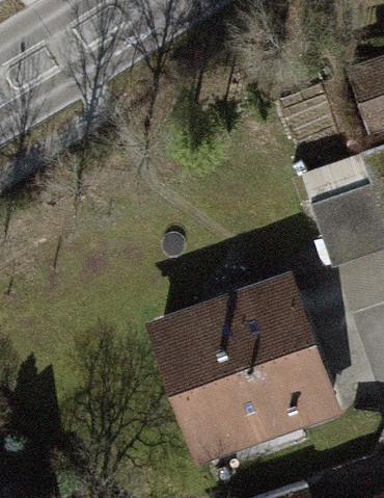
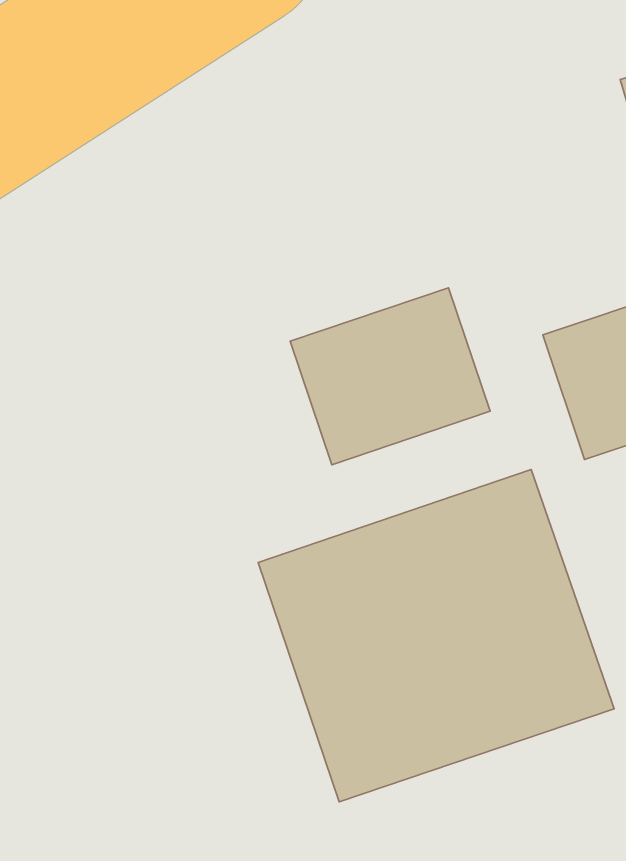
building: none -> [290,288,490,465]

